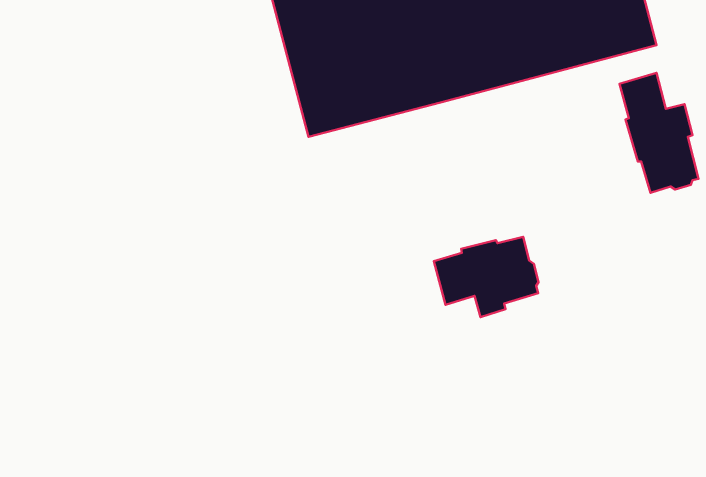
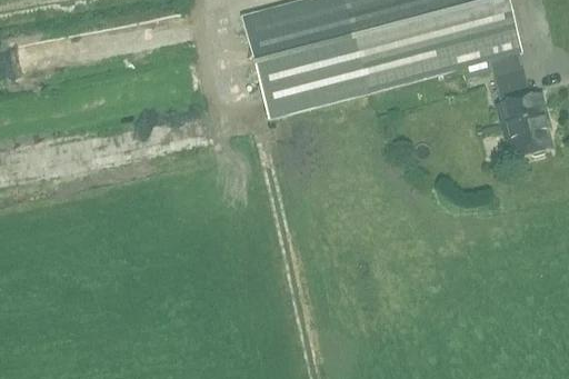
building: [434,237,539,317] -> none

